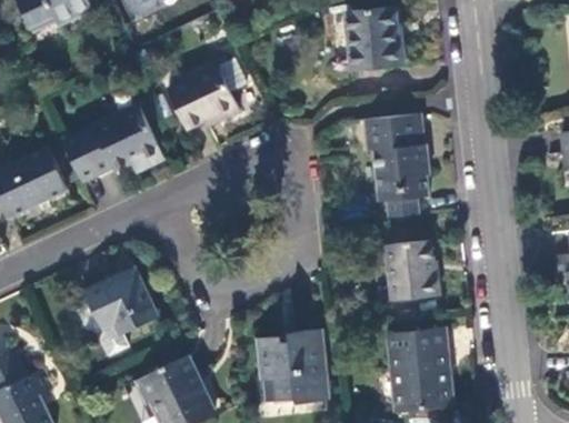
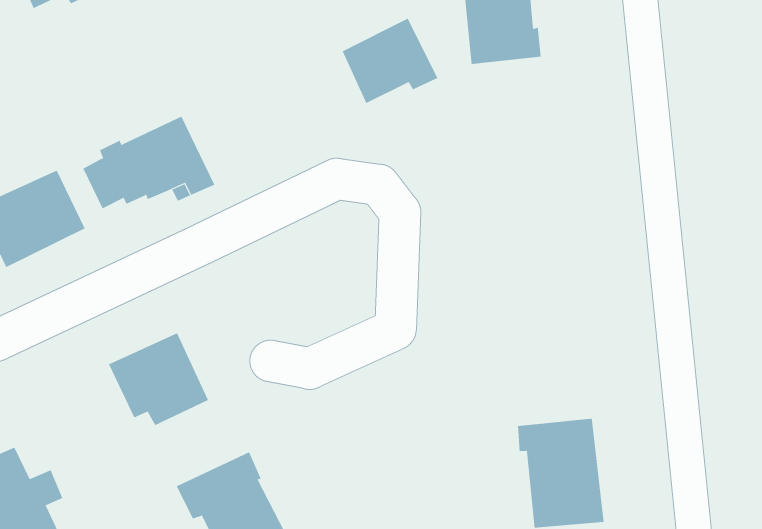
building: [168,66,239,129] -> [342,18,438,104]
building: [366,114,429,200] -> none
building: [388,243,440,302] -> none
building: [258,330,326,401] -> none

